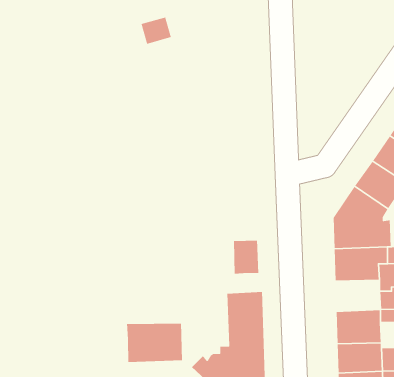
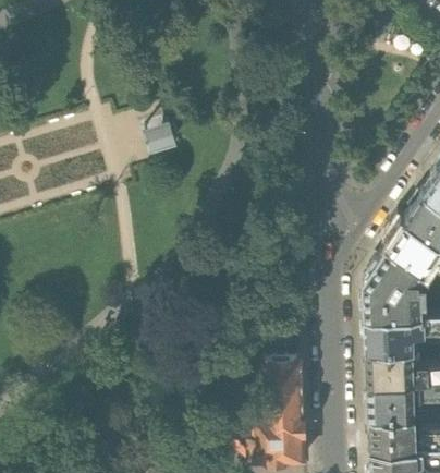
building: [140,16,172,45] -> [140,124,174,155]
building: [233,240,259,274] -> none
building: none -> [370,351,419,385]
building: [126,323,183,363] -> none

